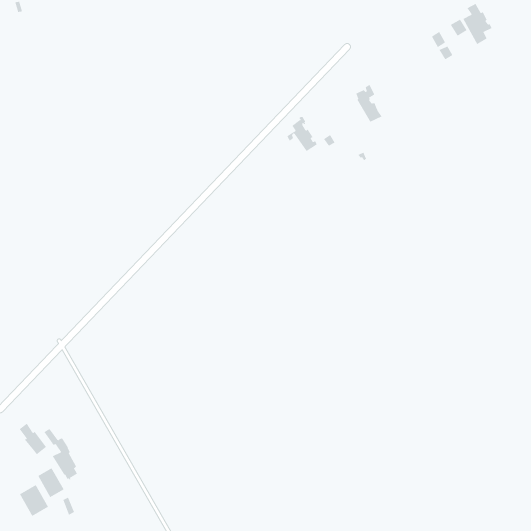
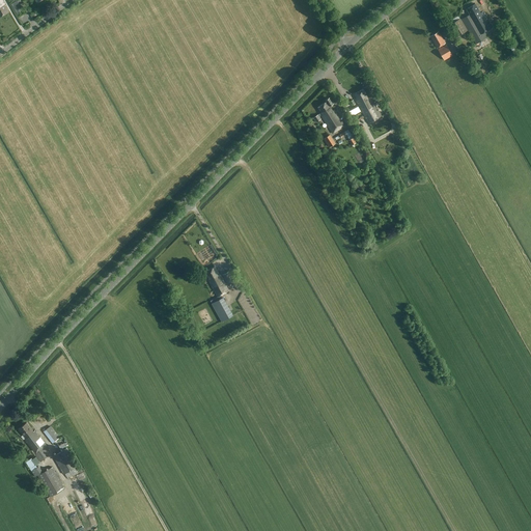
building: [286,116,318,152] -> [313,97,344,133]
building: none -> [205,267,233,322]
building: [19,484,49,517] -> none

